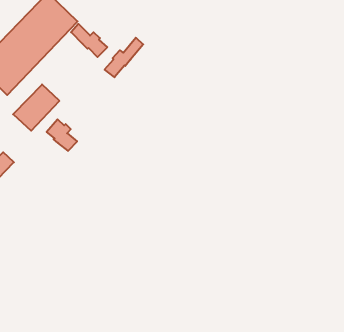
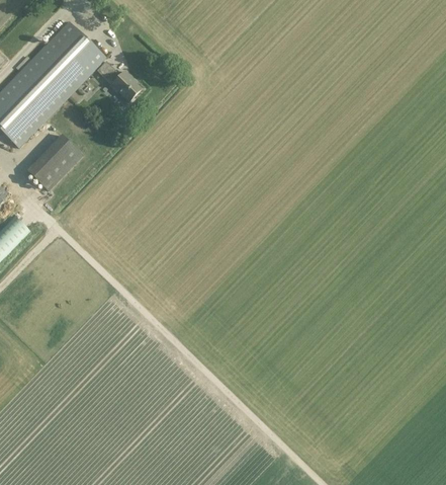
building: [105,38,143,77] -> none
building: [47,119,77,151] -> none

